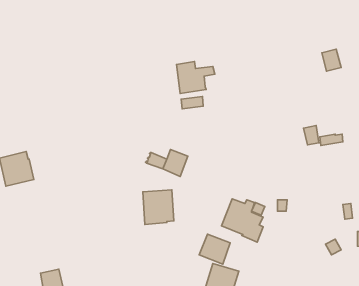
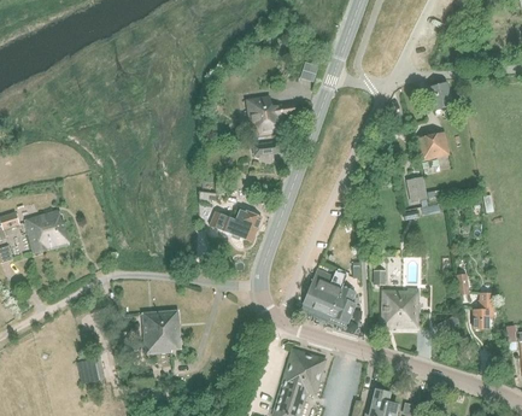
building: none -> [417,131,450,175]
building: [143,190,174,225] -> [142,310,181,353]
building: none -> [381,288,418,328]
building: [199,234,230,264] -> none

